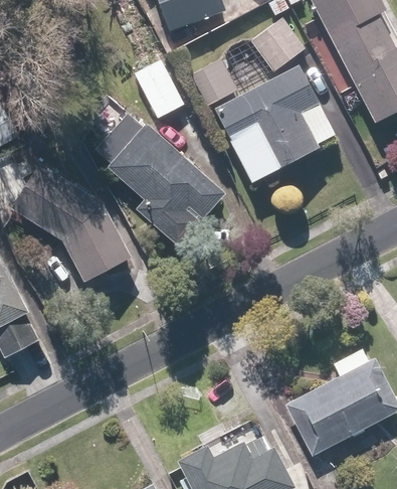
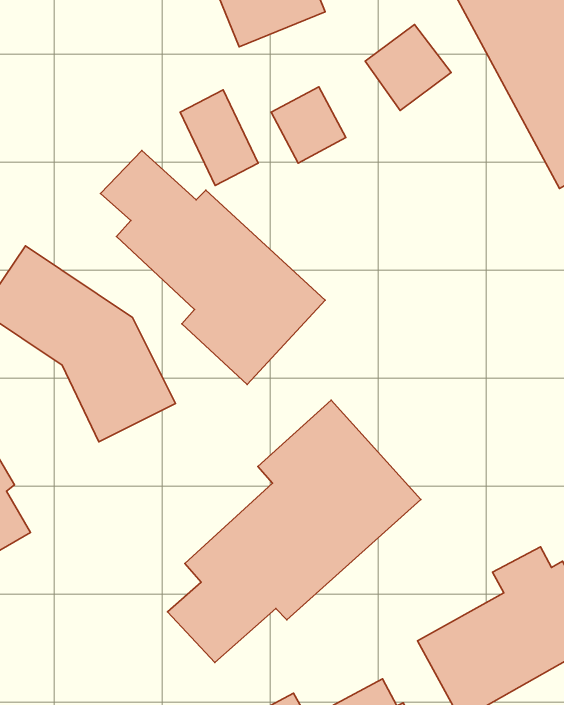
building: [213,64,337,183] -> none
building: none -> [167,400,421,662]

